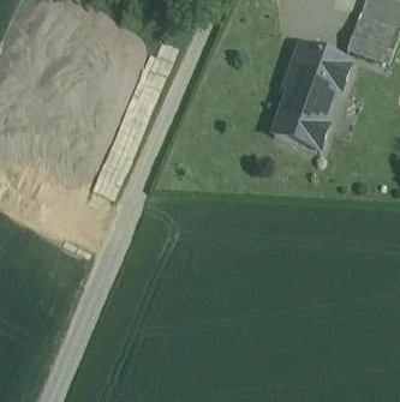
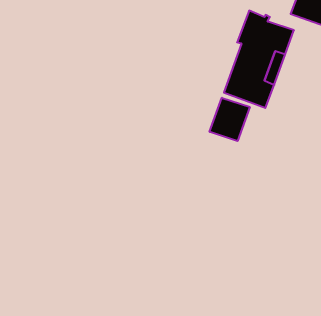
building: none -> [210,98,250,141]

